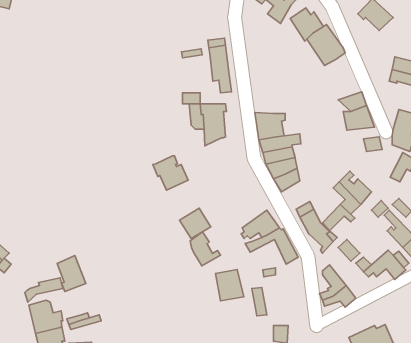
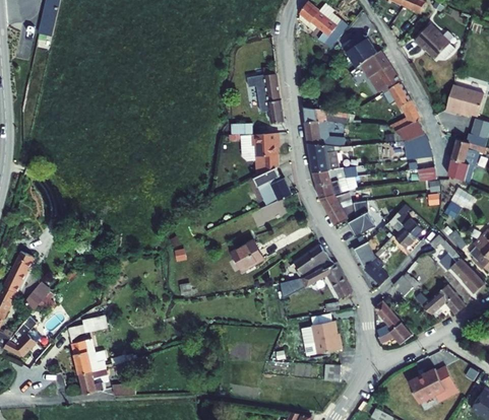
building: none -> [388,81,420,130]
building: none -> [302,109,348,145]
building: [153,156,188,190] -> [252,169,289,205]
building: none -> [348,200,375,236]
building: [190,232,220,266] -> none
building: [57,255,86,291] -> none
building: [215,269,244,301] -> [314,321,344,353]

